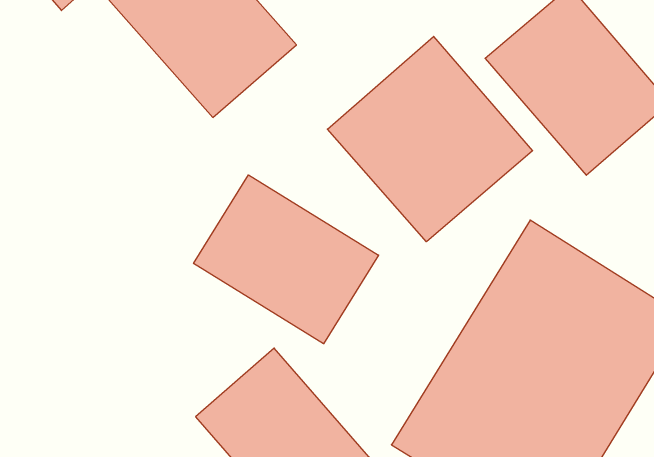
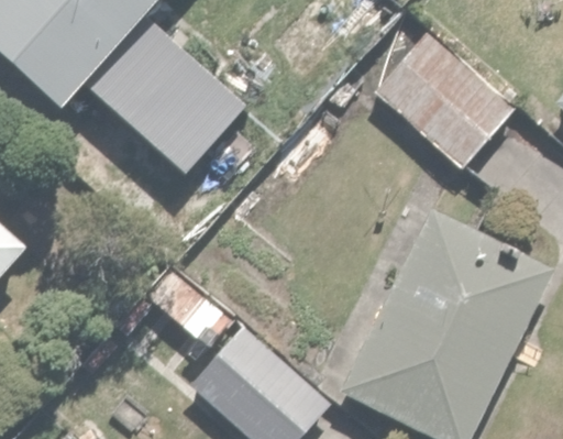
building: [327,36,533,242] -> none
building: [194,175,379,344] -> none

